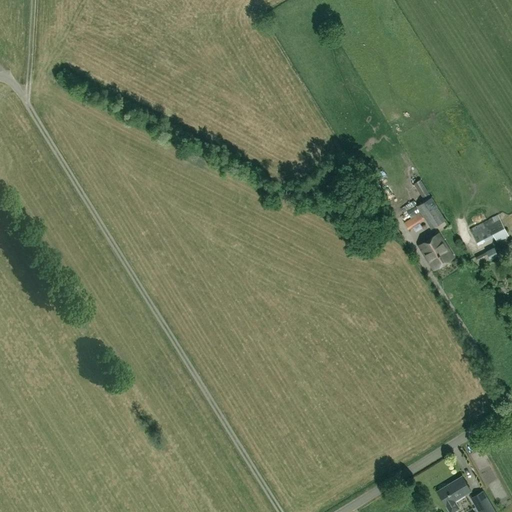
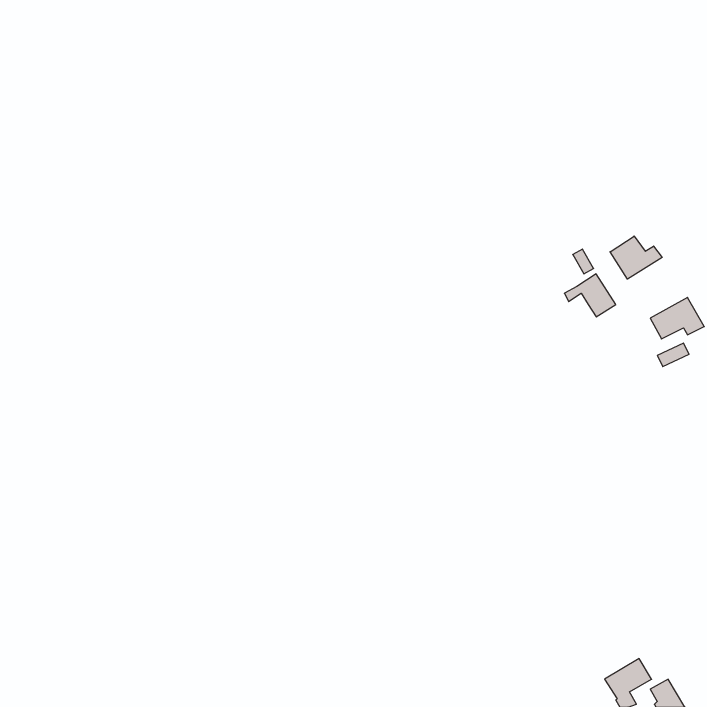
building: none -> [610,236,662,279]
building: [419,233,453,269] -> none

